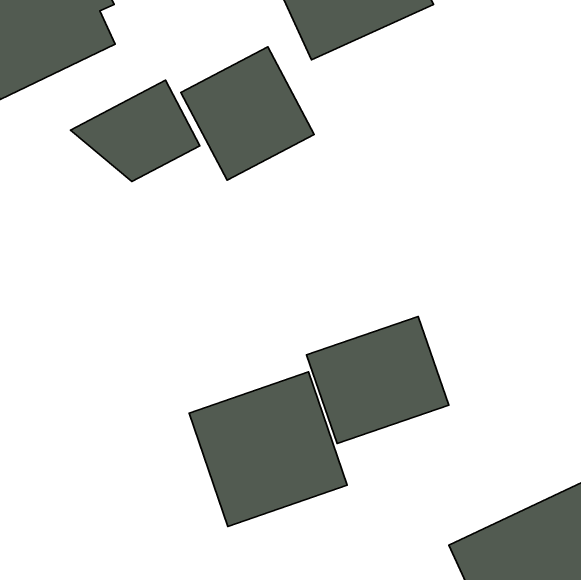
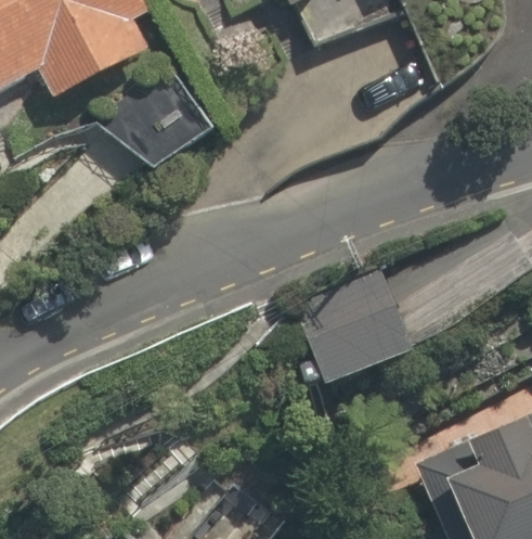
building: [181,47,314,180] -> none
building: [189,372,347,526] -> none

